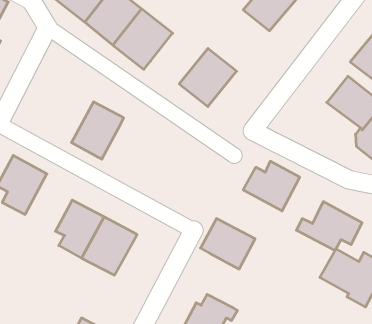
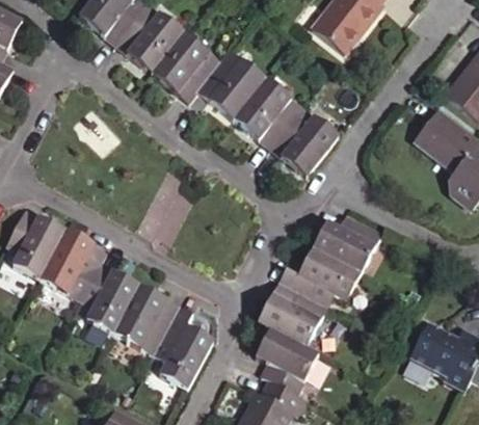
building: none -> [197,48,268,119]
building: none -> [268,104,341,178]
building: [71,102,124,159] -> [43,231,107,301]
building: [296,202,362,251] -> [278,250,360,311]
building: none -> [153,306,213,388]
building: none -> [255,328,320,396]

